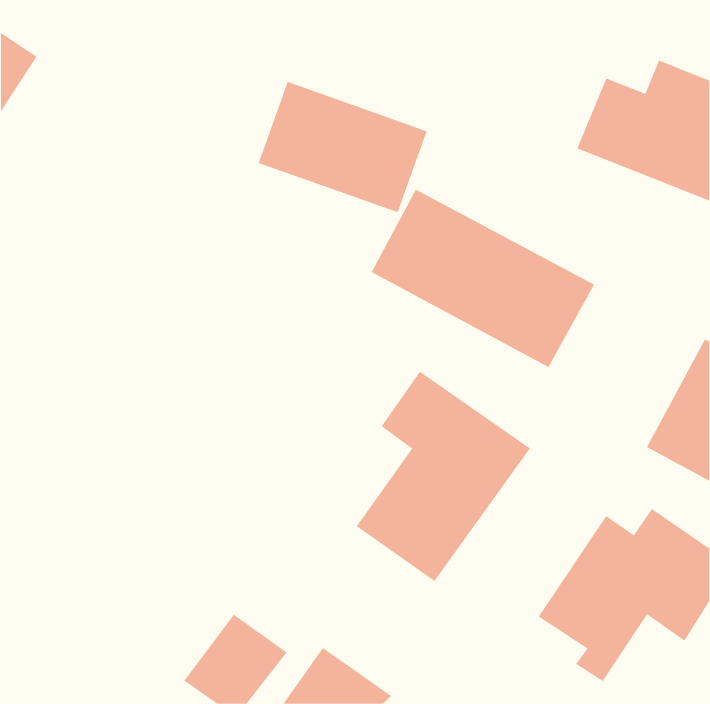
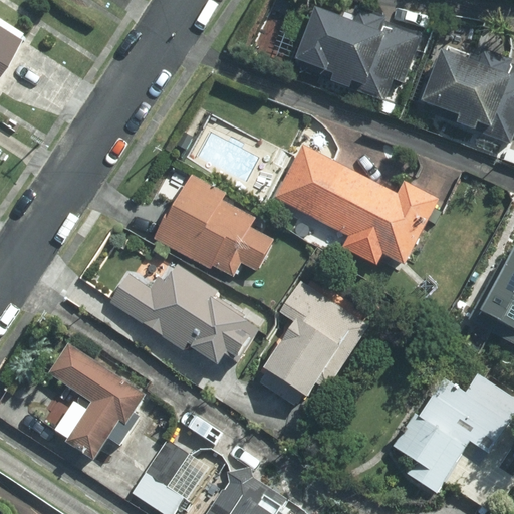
building: [258,81,427,213] -> [289,4,412,99]
building: none -> [158,179,276,275]
building: none -> [108,266,267,386]
building: none -> [46,339,148,462]

